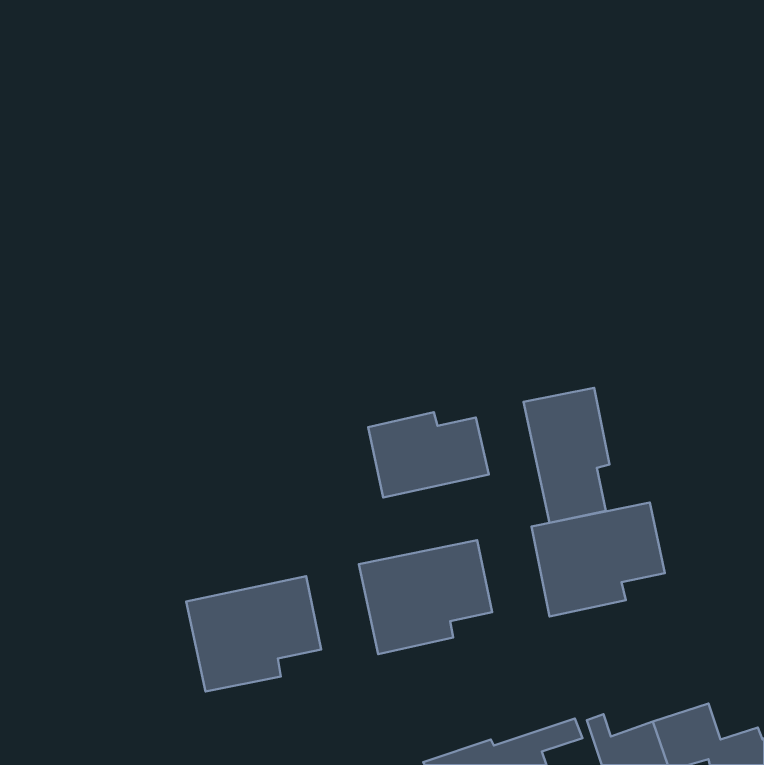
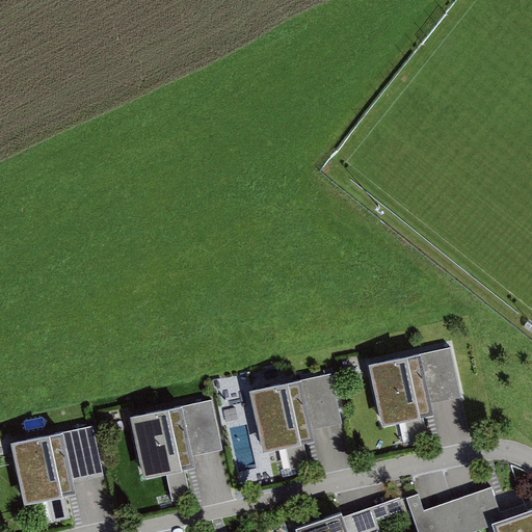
building: [524,388,610,523] -> none
building: [368,412,489,497] -> none
building: none -> [10,426,103,506]

